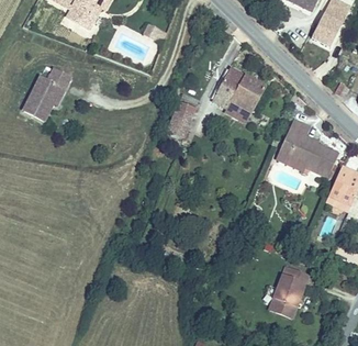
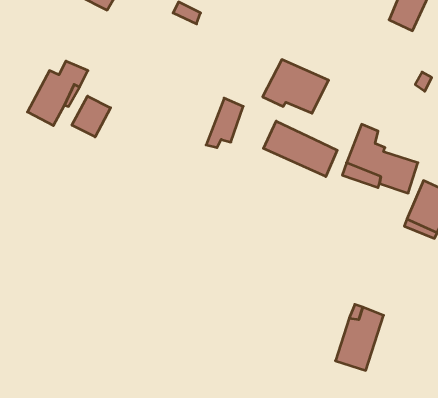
building: none -> [72,96,111,137]
building: none -> [263,121,337,177]

